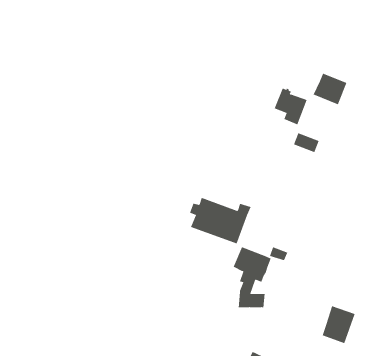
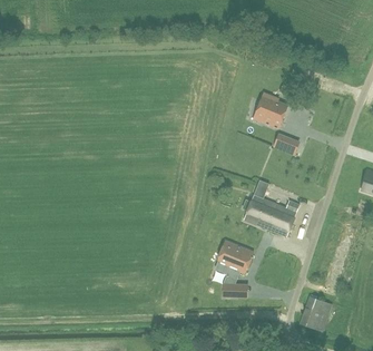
building: [313,73,347,105] -> none
building: [189,197,252,244] -> [241,192,298,235]

